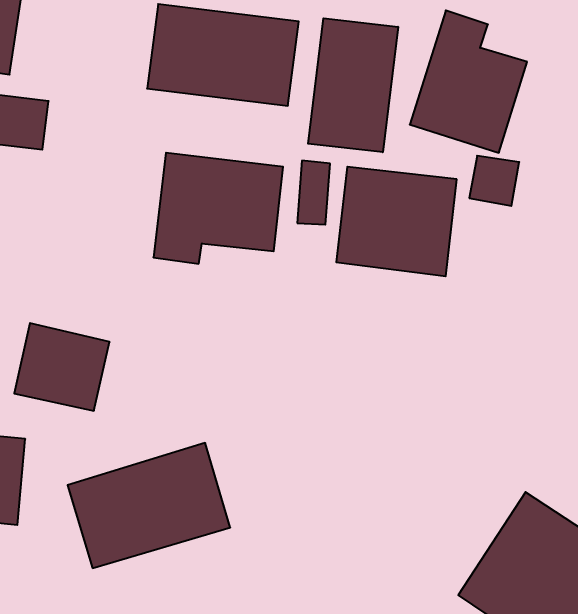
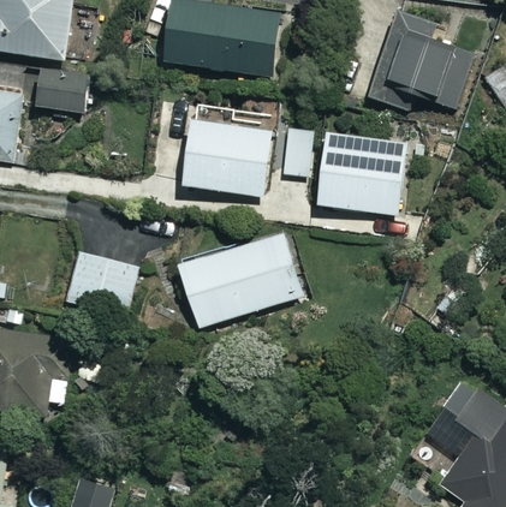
building: [308,18,398,152] -> none
building: [68,443,230,568] -> [181,233,306,329]

